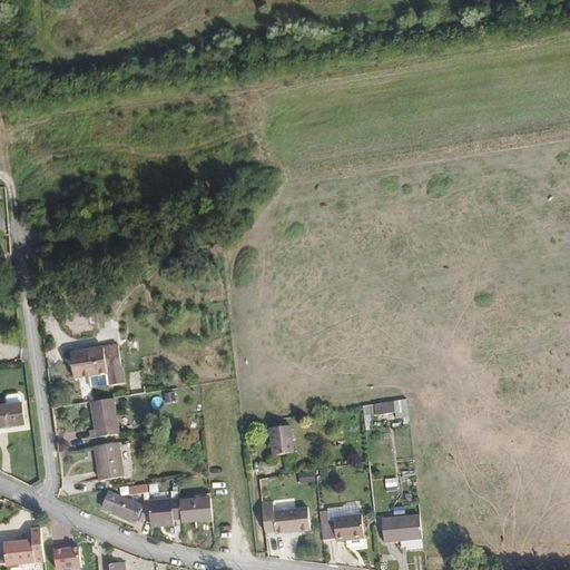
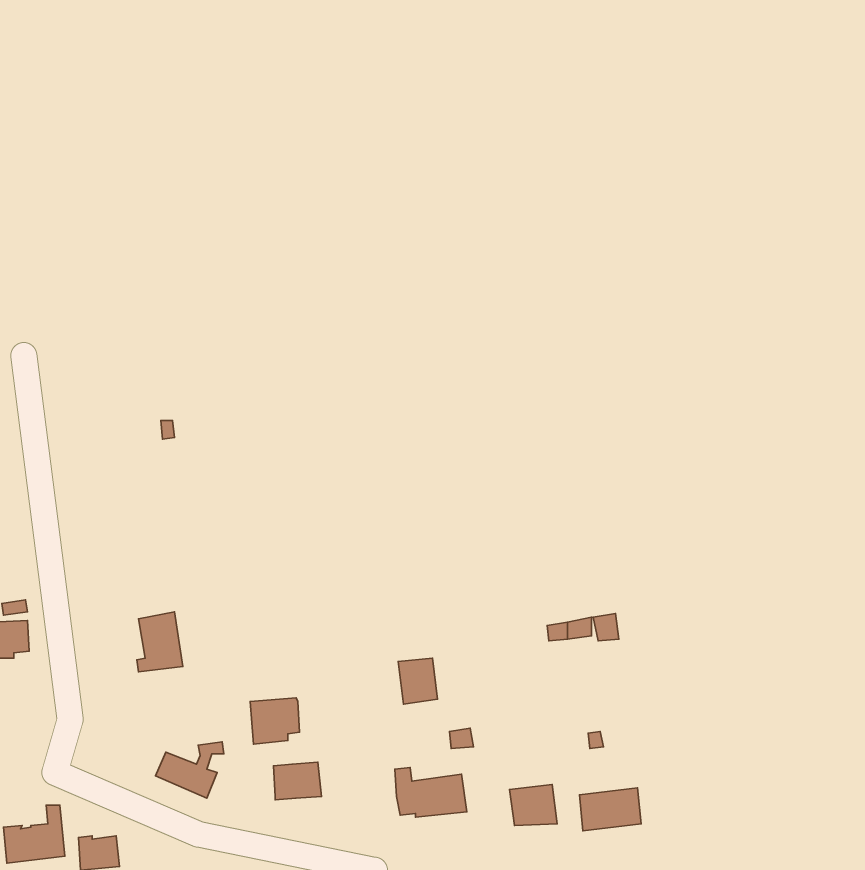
building: [72,346,126,387] -> none
building: [94,442,124,480] -> none
building: [147,497,179,527] -> [250,698,300,744]

